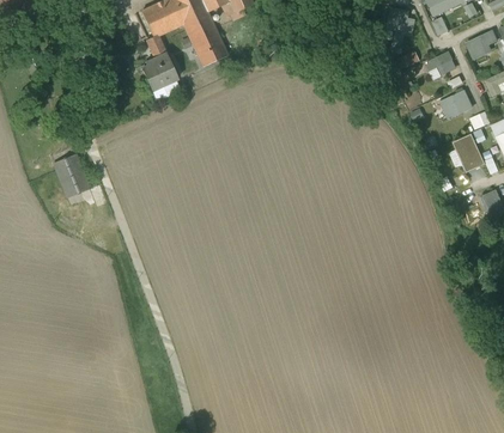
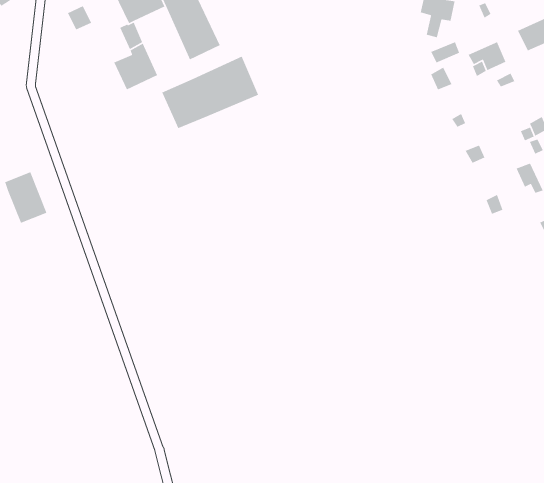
building: none -> [161,56,259,129]
building: [439,90,473,120] -> none

